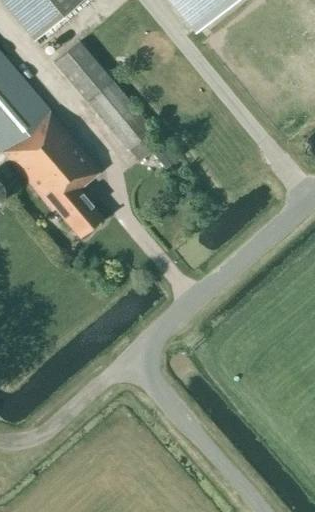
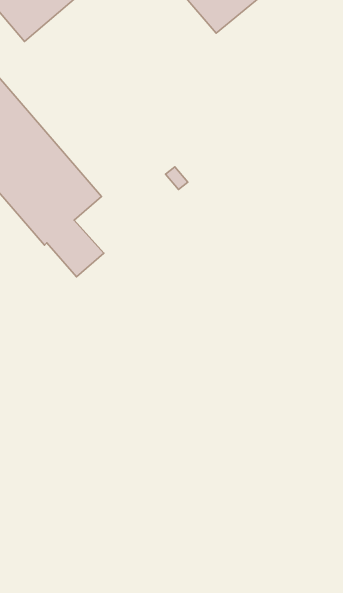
building: [54,39,155,158] -> none

